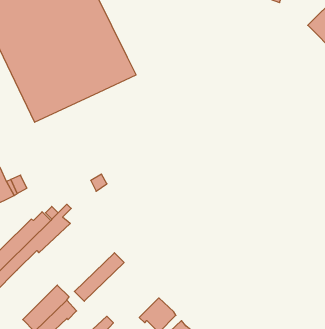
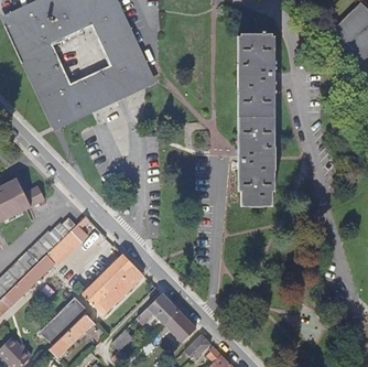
building: none -> [238,33,275,206]
building: none -> [83,253,134,304]
building: none -> [138,293,180,324]

